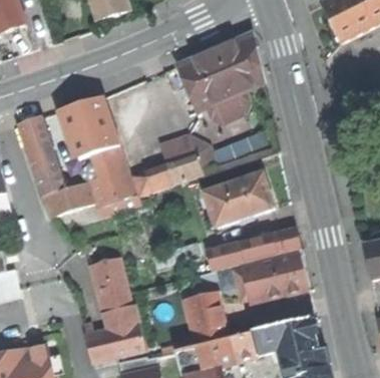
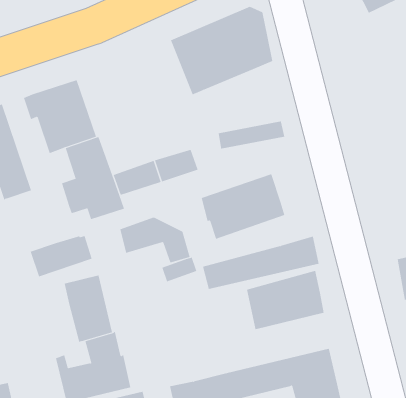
building: [206,88,251,122] -> none
building: [160,132,219,170] -> [119,217,191,263]
building: [44,181,95,216] -> [30,235,92,277]
building: [186,292,225,344] -> none

